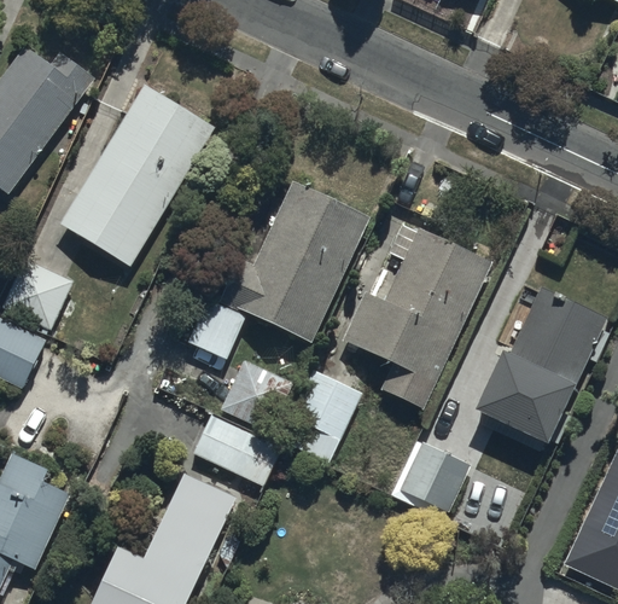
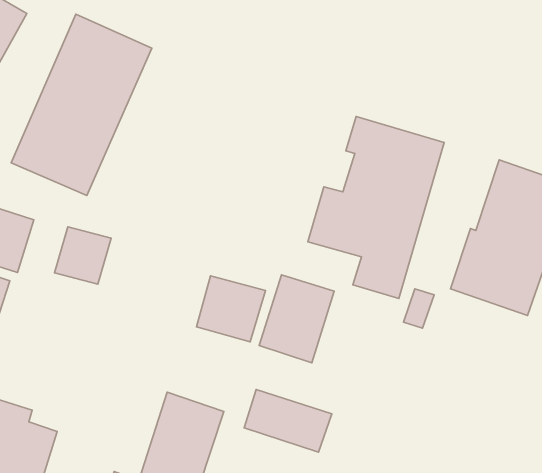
building: [220,180,371,341] -> none
building: [185,298,245,359] -> [55,227,111,284]
building: [191,413,279,483] -> [244,390,332,452]
building: [401,443,468,511] -> none

